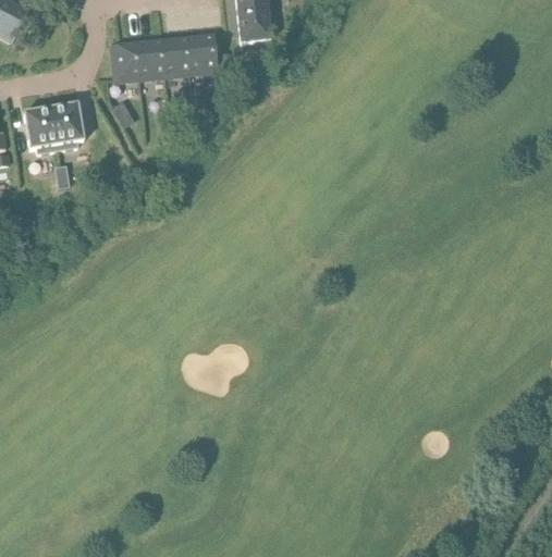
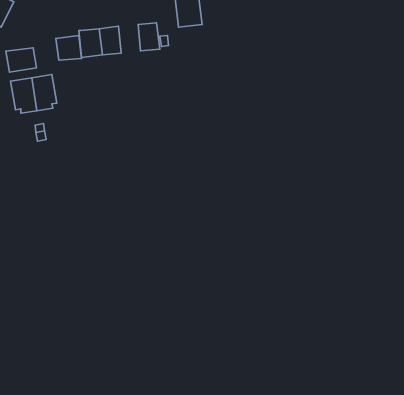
building: [163,38,192,75] -> none
building: none -> [56,36,82,60]
building: none -> [6,48,37,72]

